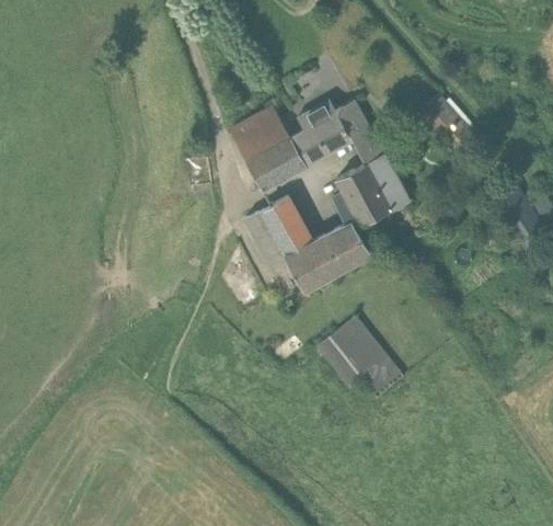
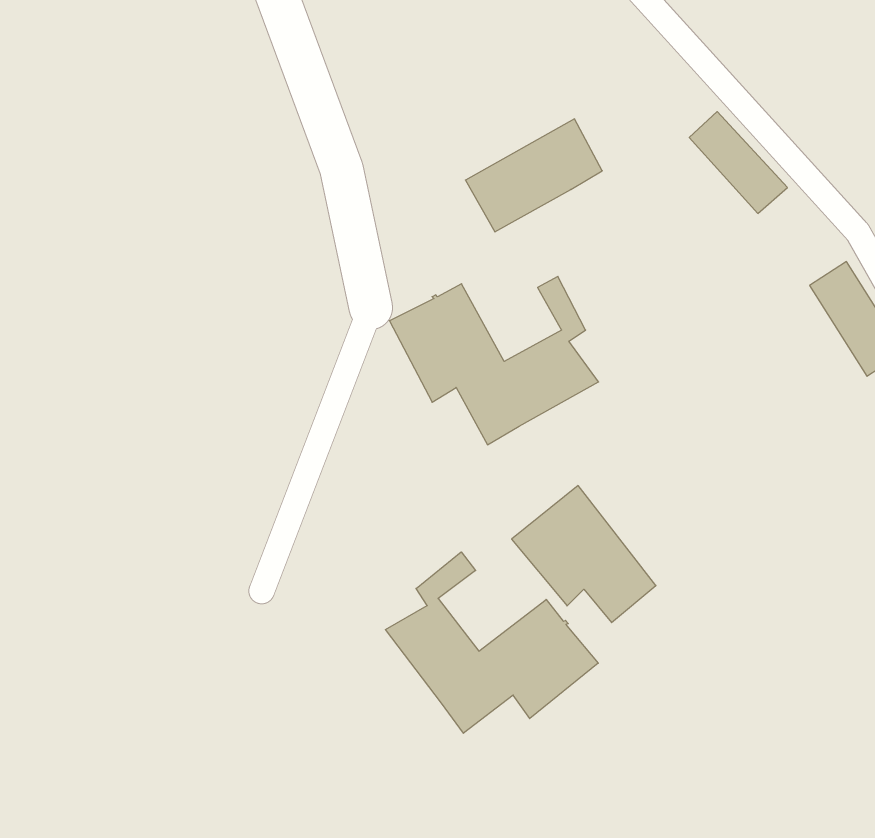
building: [230,107,307,192] -> none
building: [336,129,408,224] -> none
building: none -> [385,552,598,733]

